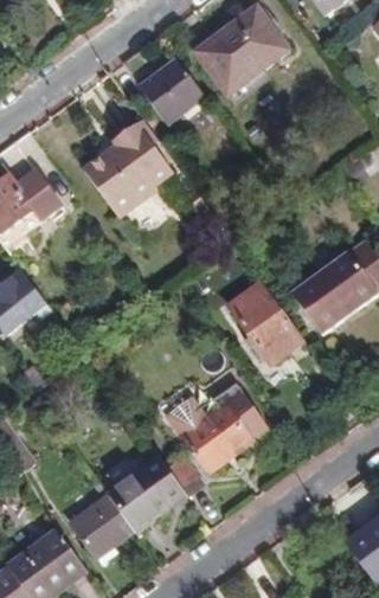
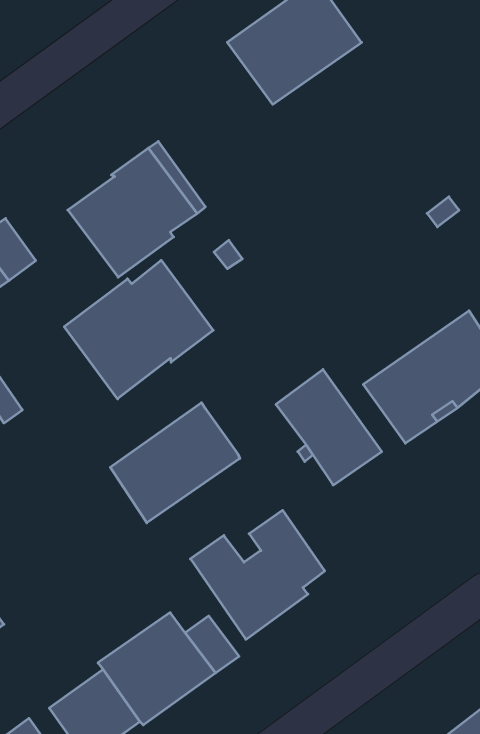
building: [140,56,204,121] -> none
building: none -> [64,260,213,399]
building: none -> [110,403,240,523]

